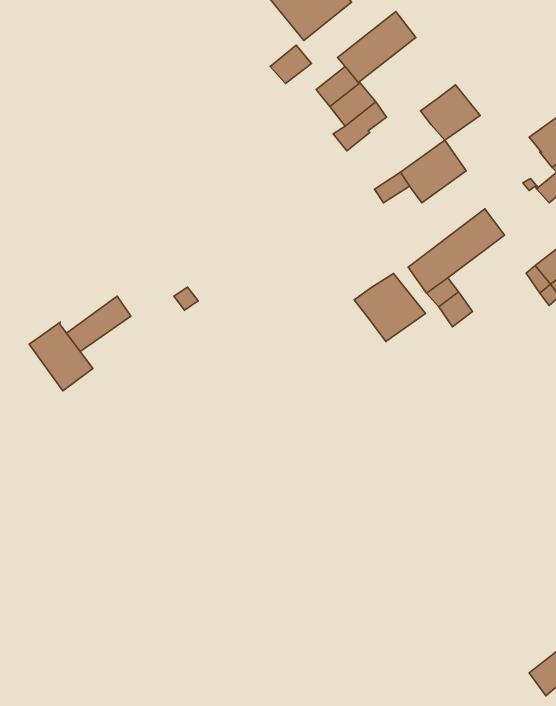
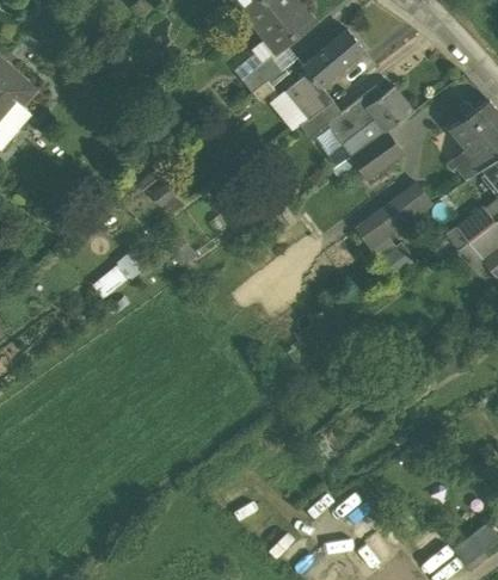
building: none -> [326,88,380,144]
building: [354,274,426,342] -> none
building: [29,322,93,391] -> none

